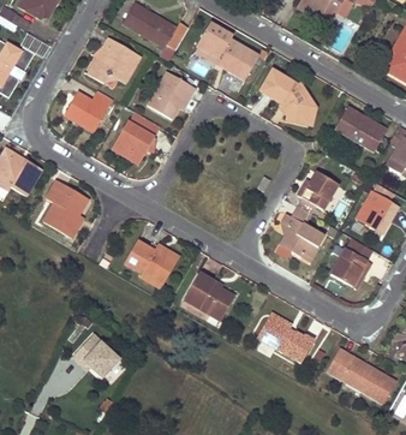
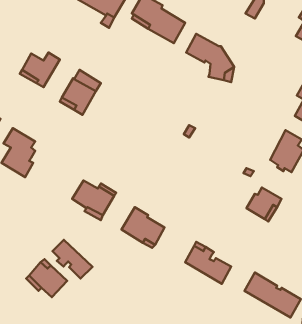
building: [88,36,141,83] -> none
building: [147,71,195,119] -> none
building: [334,106,387,150] -> none
building: [297,171,338,208] -> none
building: [281,213,324,258] -> none
building: none -> [53,240,93,278]

